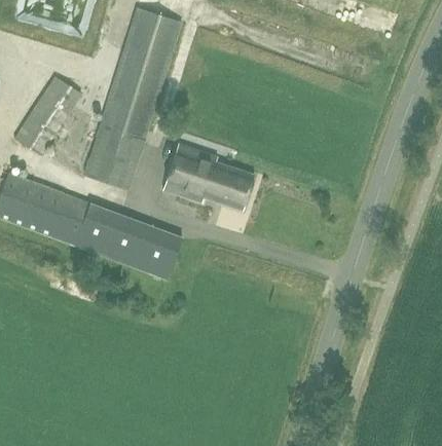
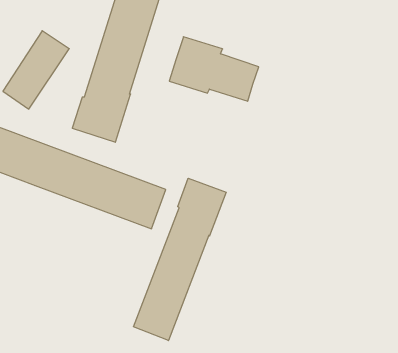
building: [162,144,254,210] -> [169,37,259,101]
building: none -> [134,178,226,341]

